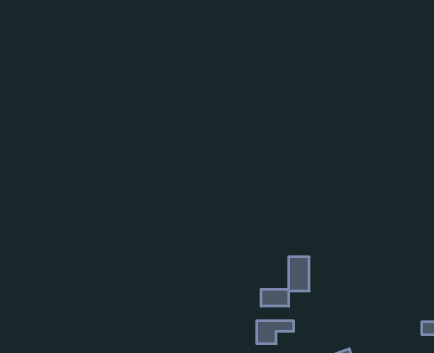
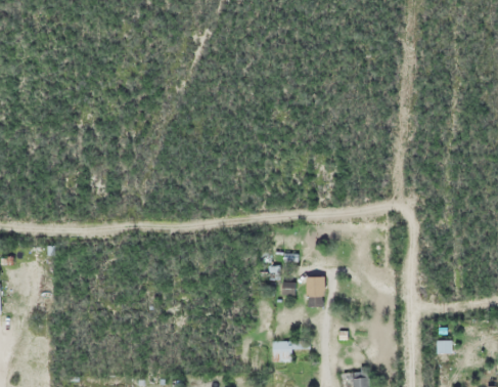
building: [261,289,289,306] -> none

